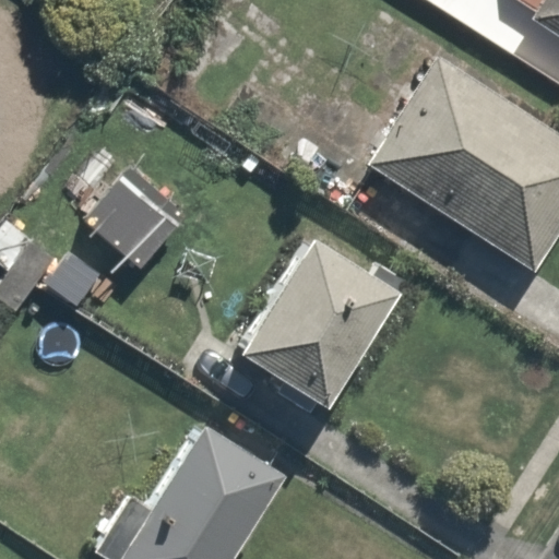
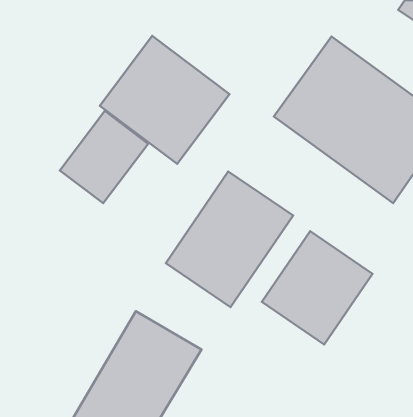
building: none -> [100,36,230,164]
building: none -> [262,231,373,344]

